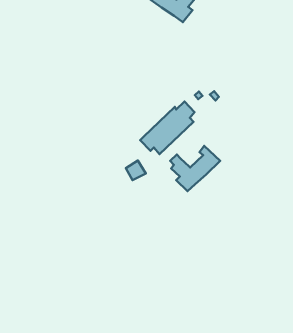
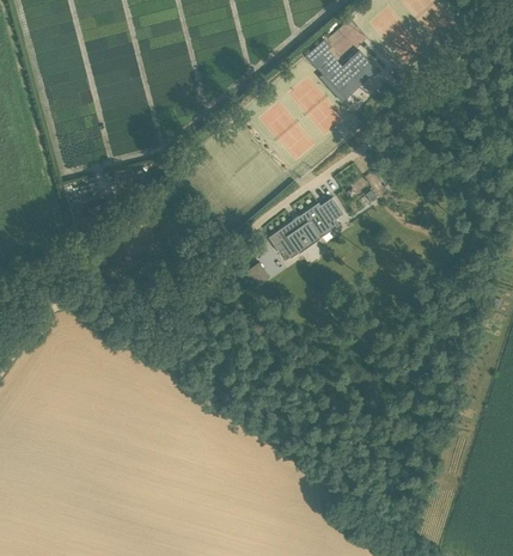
building: [170,146,220,191] -> none

